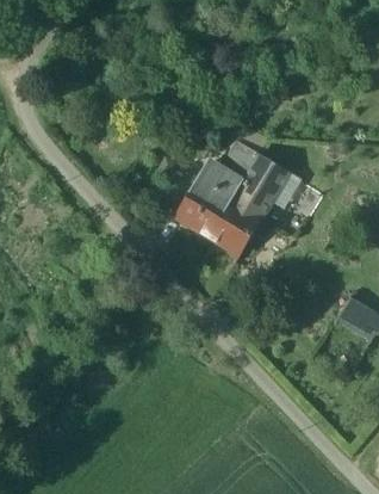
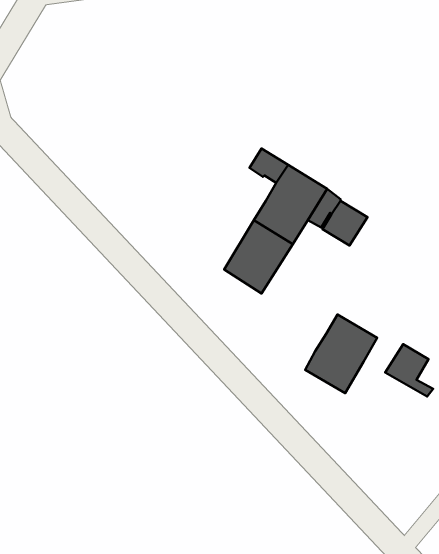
building: [174,162,240,237] -> none
building: none -> [305,314,377,393]

